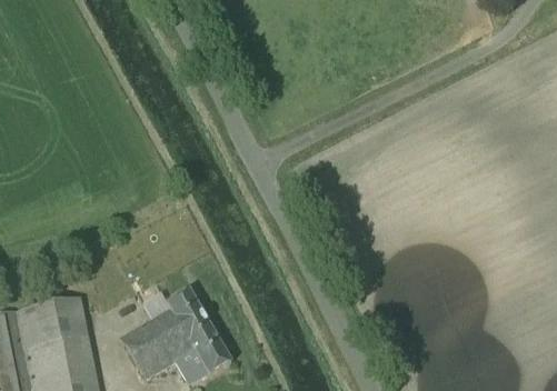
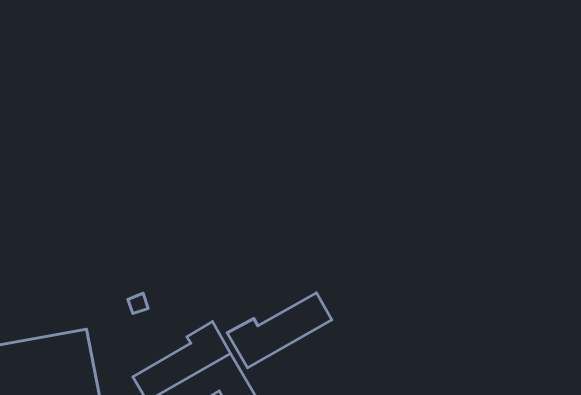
building: none -> [227,293,332,368]

